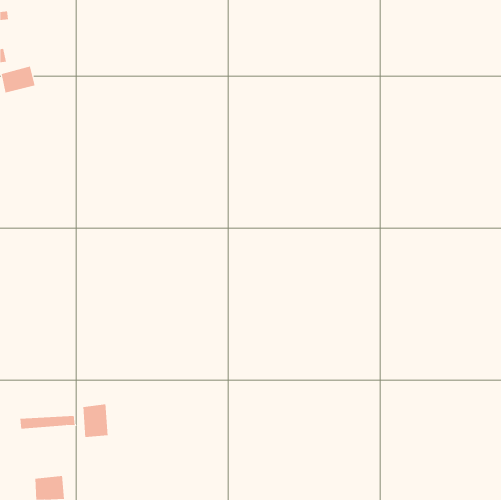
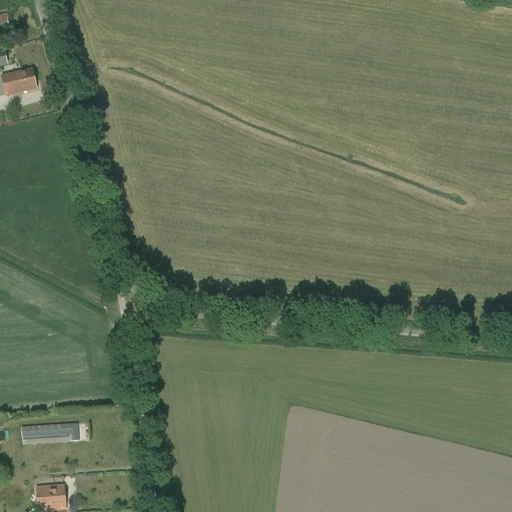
building: [83,404,108,438] -> none

